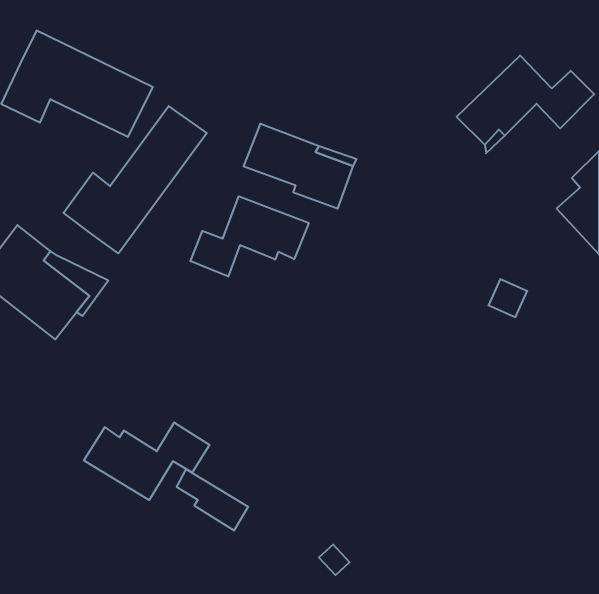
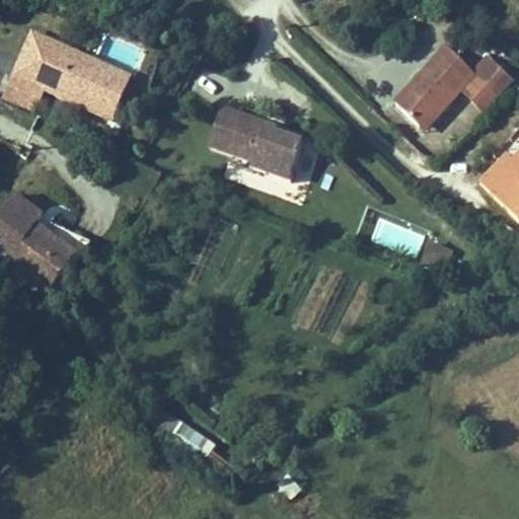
building: [63,106,207,253] -> none
building: [190,196,309,277] -> none
building: [84,422,209,500] -> none

